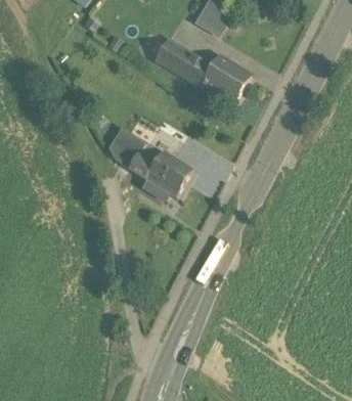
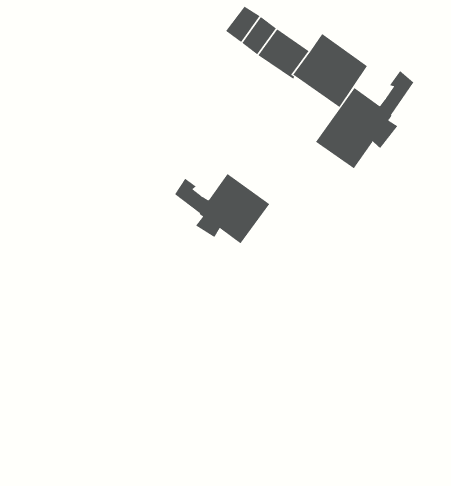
building: none -> [315,70,414,169]
building: [106,126,162,170] -> none

